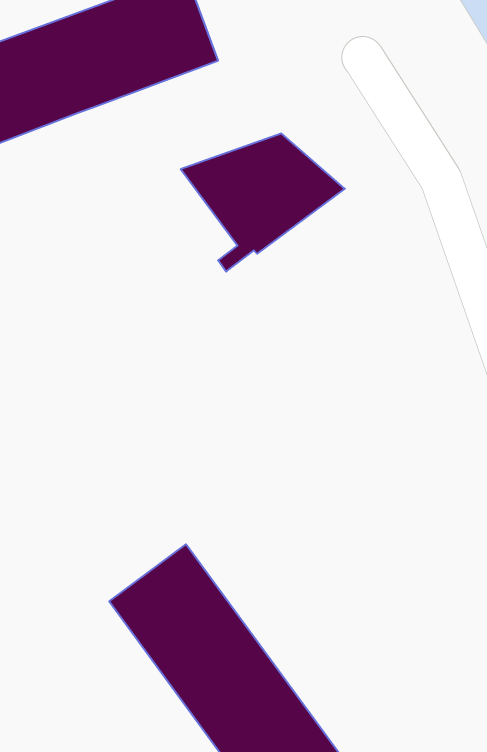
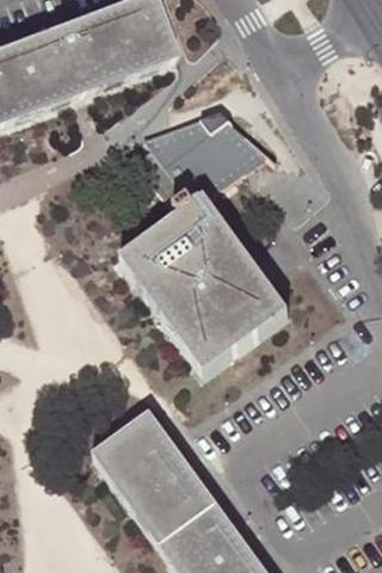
building: none -> [119,199,286,374]

